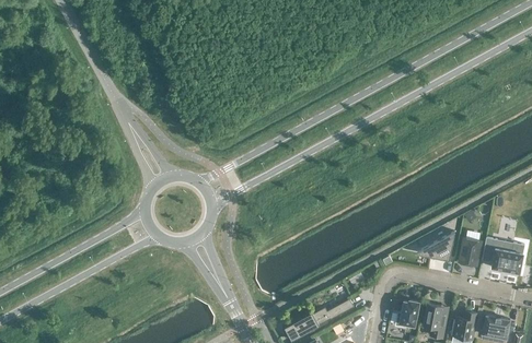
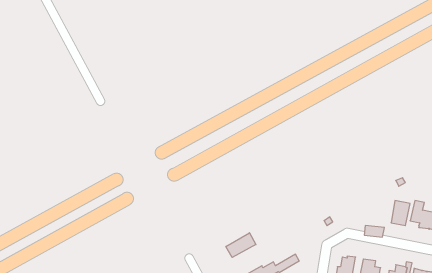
building: [420,233,454,261] -> none
building: none -> [226,233,256,257]

